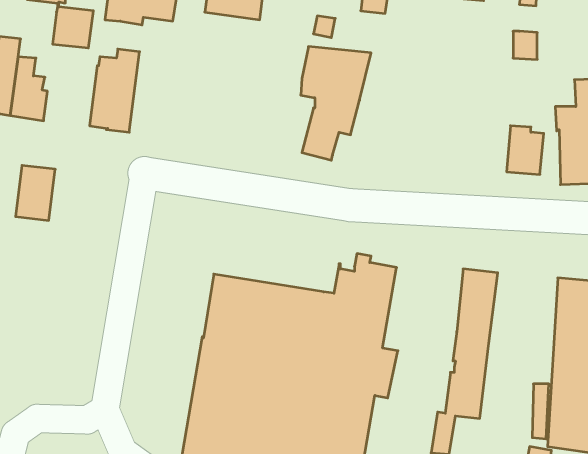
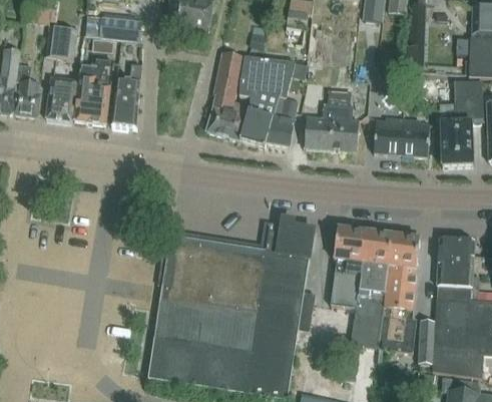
building: none -> [205,51,249,139]
building: none -> [110,66,141,126]
building: none -> [303,79,358,150]
building: none -> [264,98,297,143]
building: none -> [373,117,403,154]
building: [16,165,55,220] -> [45,75,76,118]
building: none -> [331,227,366,308]
building: none -> [379,234,419,353]

